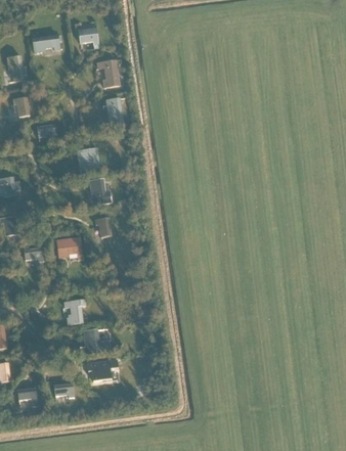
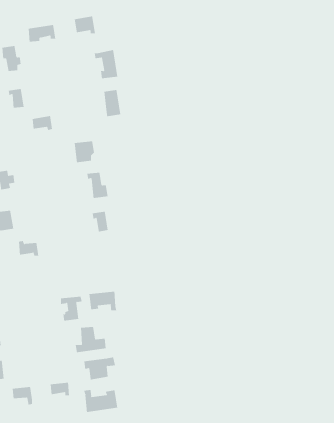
building: [55,237,82,260] -> none
building: none -> [89,291,117,311]
building: none -> [84,389,118,413]

